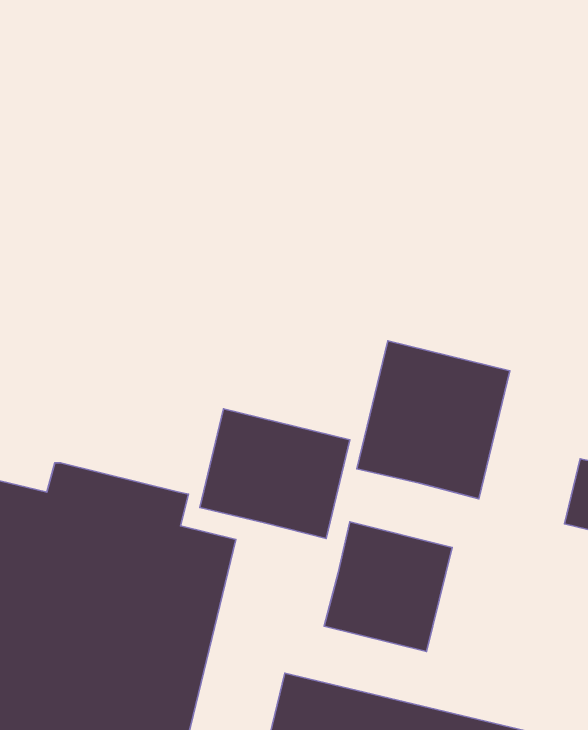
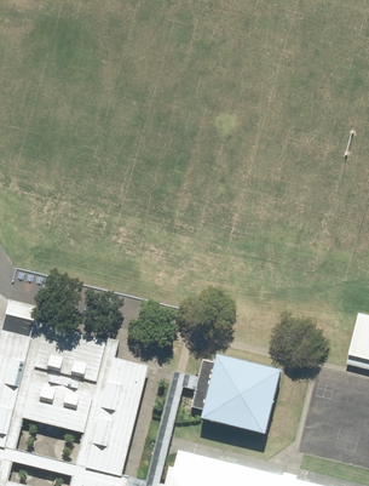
building: [357,341,510,499] -> none
building: [200,409,350,538] -> none

